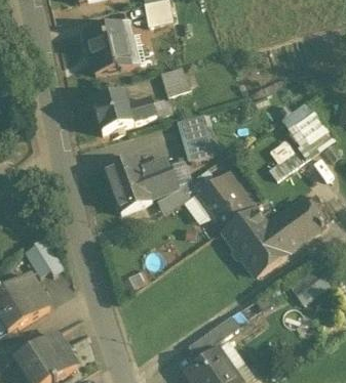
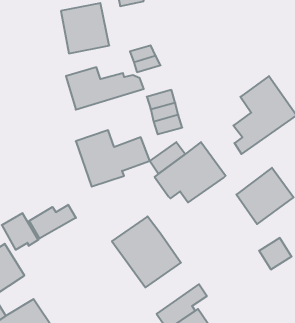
building: [220,205,292,279] -> [112,216,181,287]
building: none -> [29,205,76,239]

